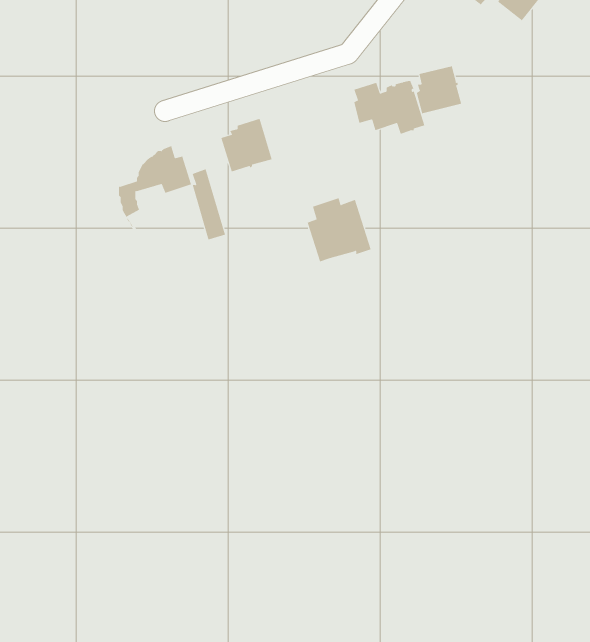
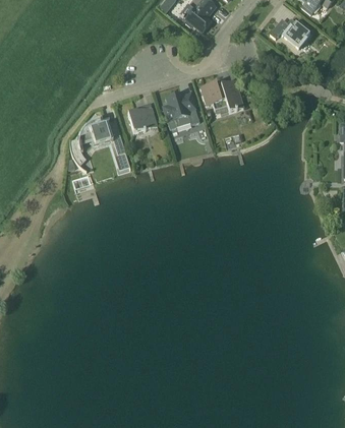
building: [416,66,462,114] -> none
building: [307,197,372,262] -> [163,93,199,129]

